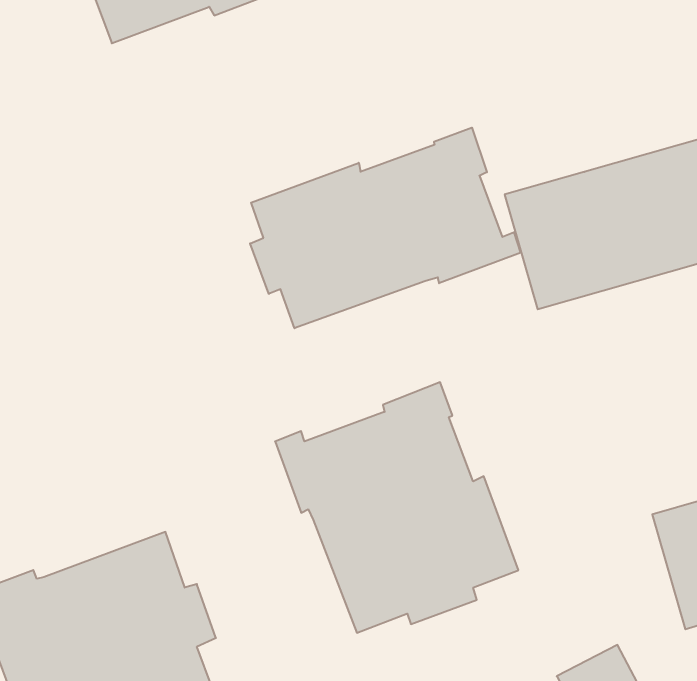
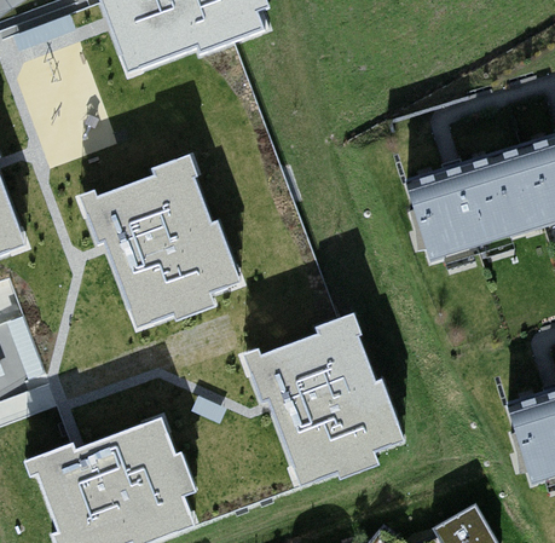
building: [250,128,521,328] -> none
building: none -> [75,155,245,329]

